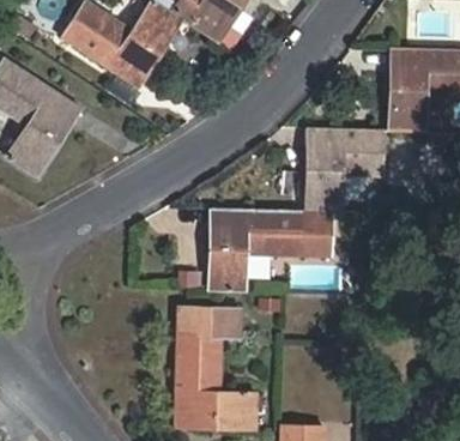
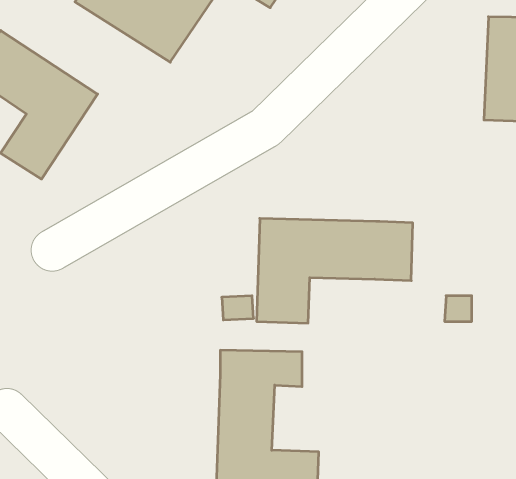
building: [304,129,383,211] -> none

